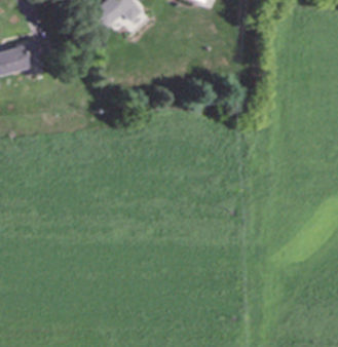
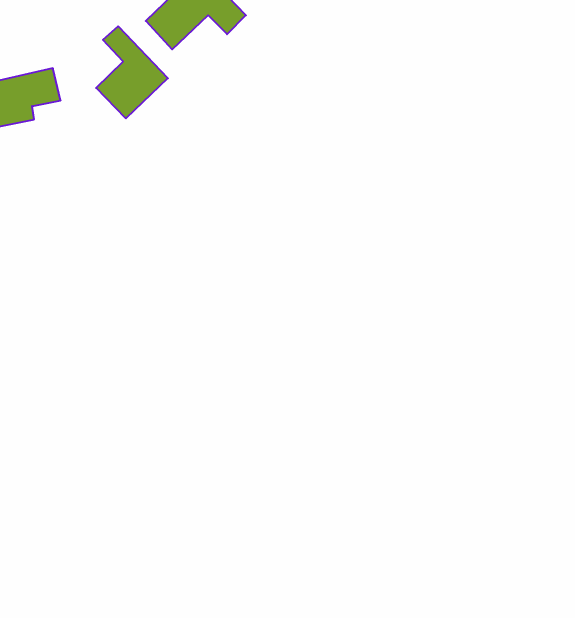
building: none -> [96,26,168,118]

